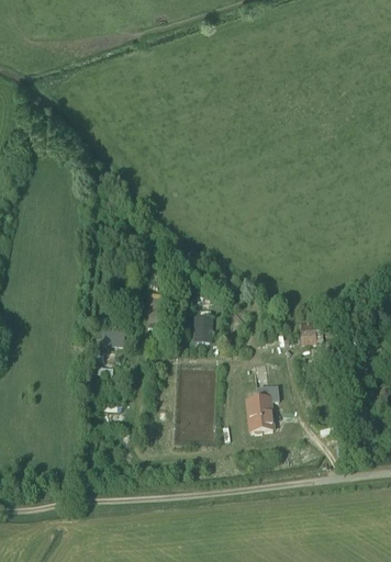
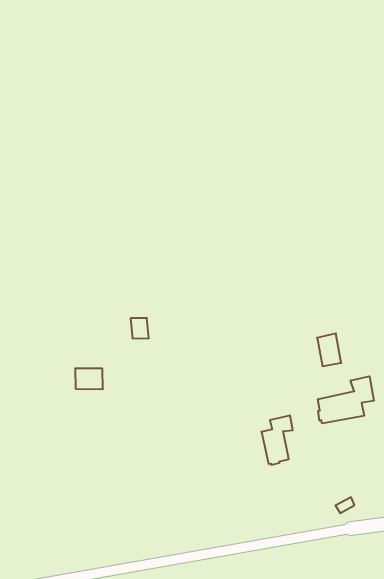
building: [194,315,213,342] -> none
building: none -> [318,376,374,423]

